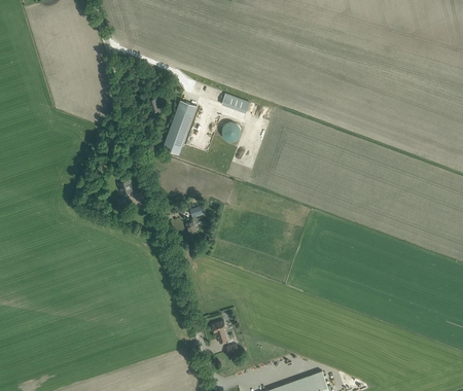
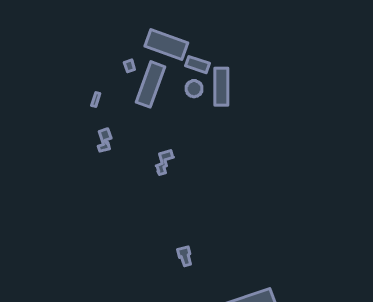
building: none -> [145,29,188,59]
building: none -> [215,68,228,105]

